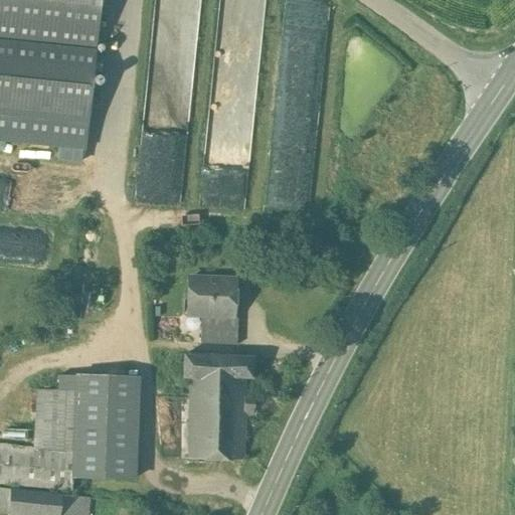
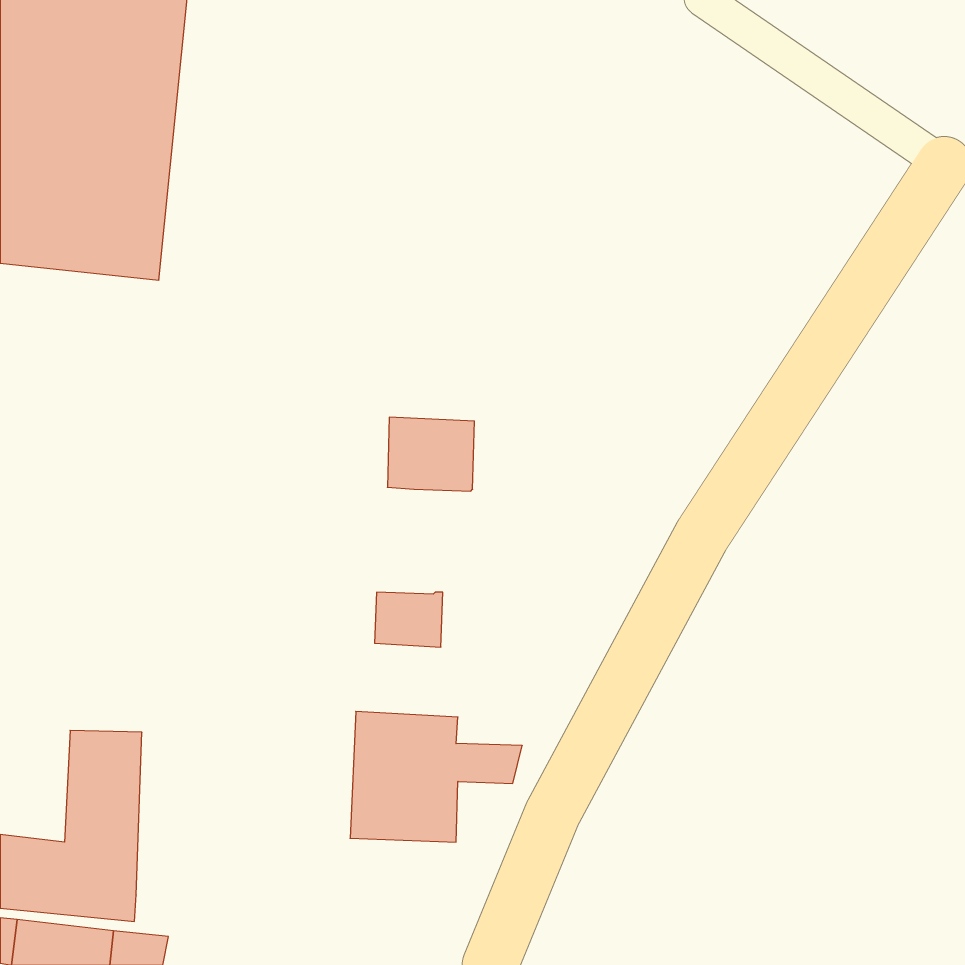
building: [187,277,233,316] -> [387,417,474,491]
building: [183,357,253,381] -> none
building: [73,375,138,478] -> none

